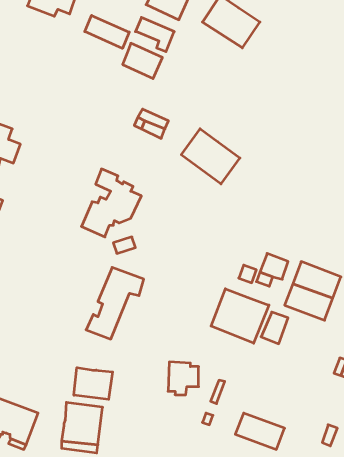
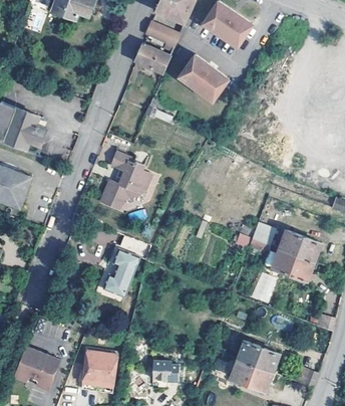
building: [85,15,129,48] -> none
building: [181,129,240,184] -> [177,54,227,102]
building: [211,289,269,343] -> none
building: [168,362,199,395] -> [151,360,178,388]
building: [74,368,113,399] -> none
building: none -> [237,340,279,372]

